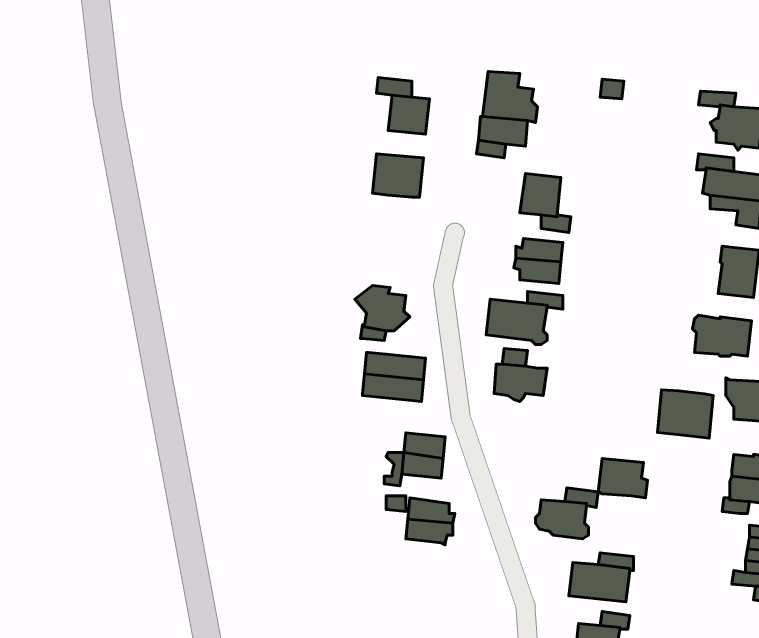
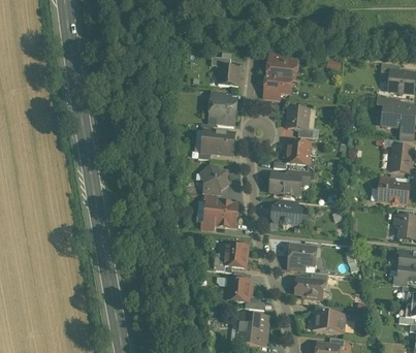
building: none -> [200,129,236,155]
building: [657,390,713,438] -> none
building: [598,458,647,498] -> [289,245,315,265]
building: none -> [237,313,269,345]

